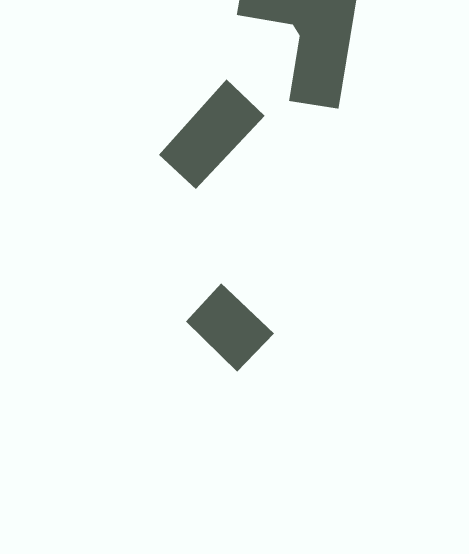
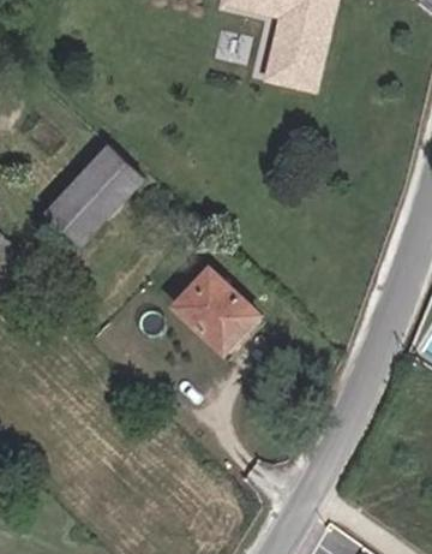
building: [158,78,265,190] -> [47,137,143,237]

